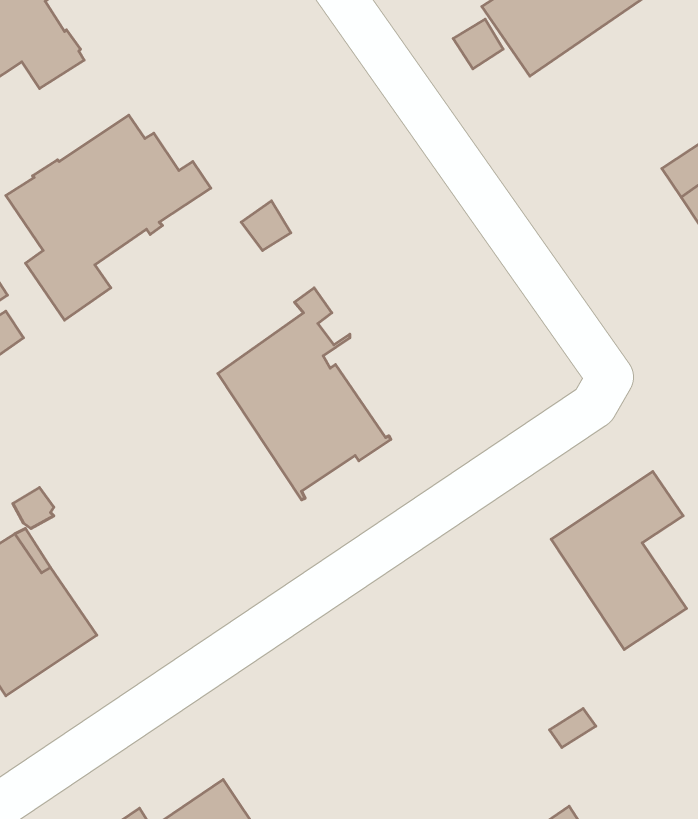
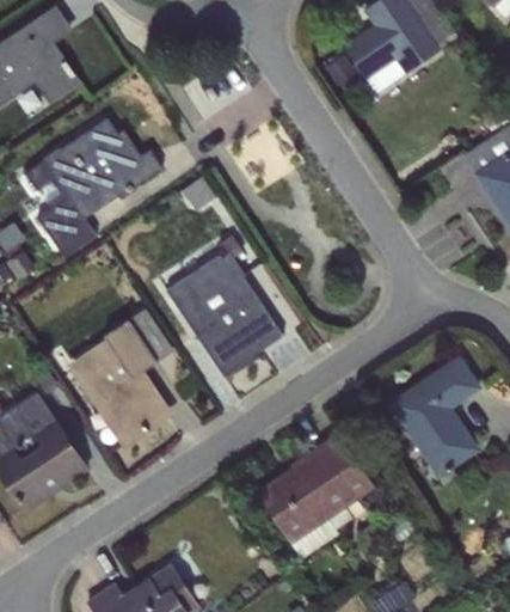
building: none -> [70,307,173,442]
building: none -> [256,434,375,558]

